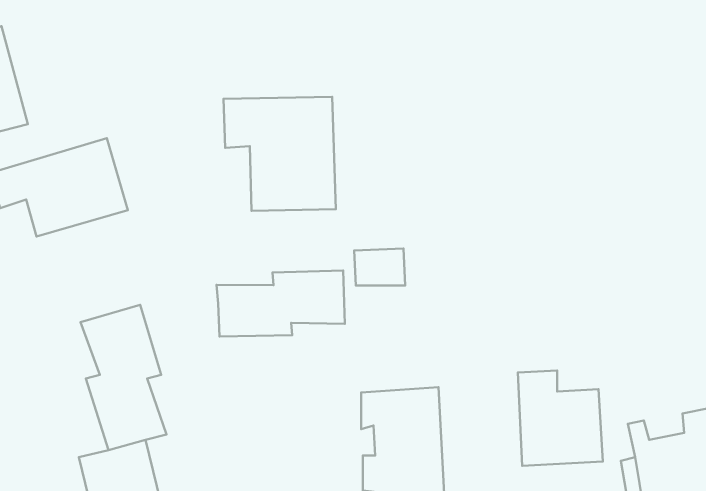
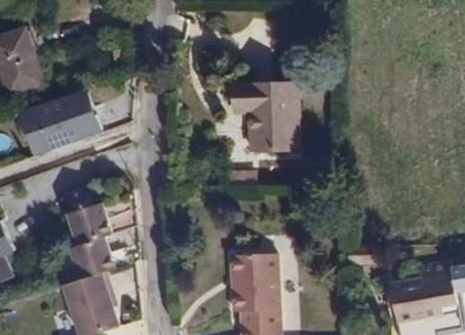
building: [223,97,336,211] -> [233,81,299,148]
building: [217,270,345,336] -> none
building: [518,370,603,466] -> none

